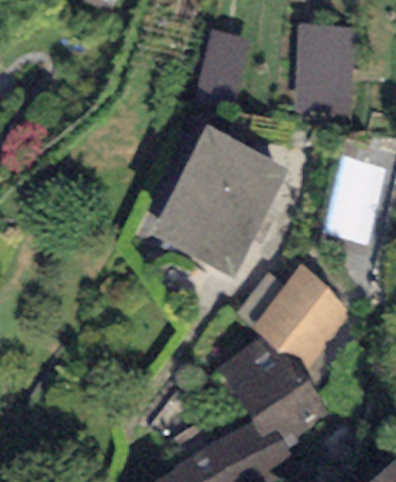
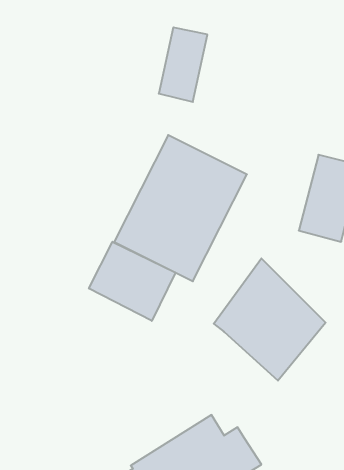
building: [299,28,348,106] -> none
building: none -> [89,242,175,321]
building: [215,331,329,436] -> none

